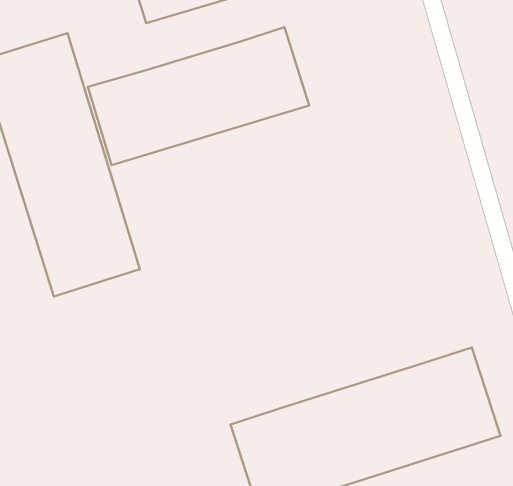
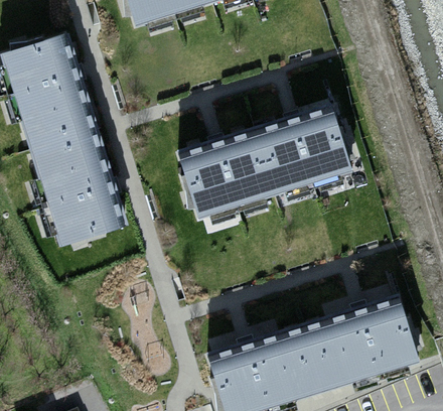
building: [88,27,309,165] -> [176,108,355,220]

